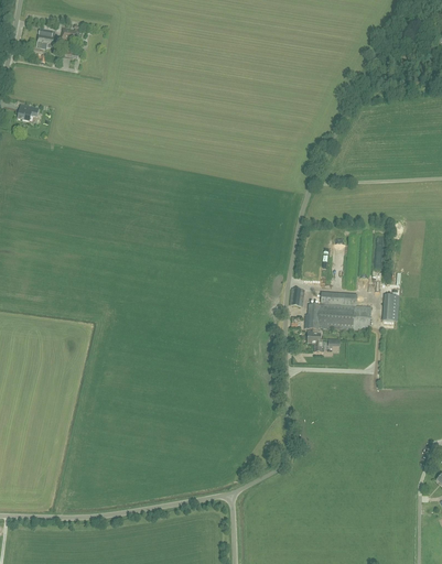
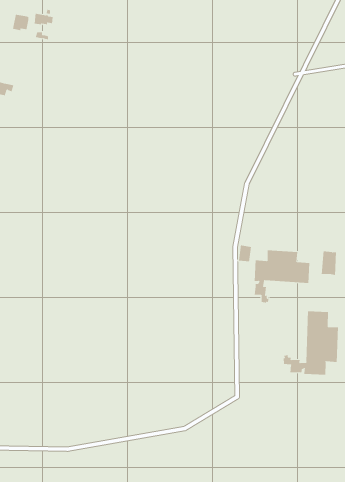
building: none -> [283,311,338,376]

